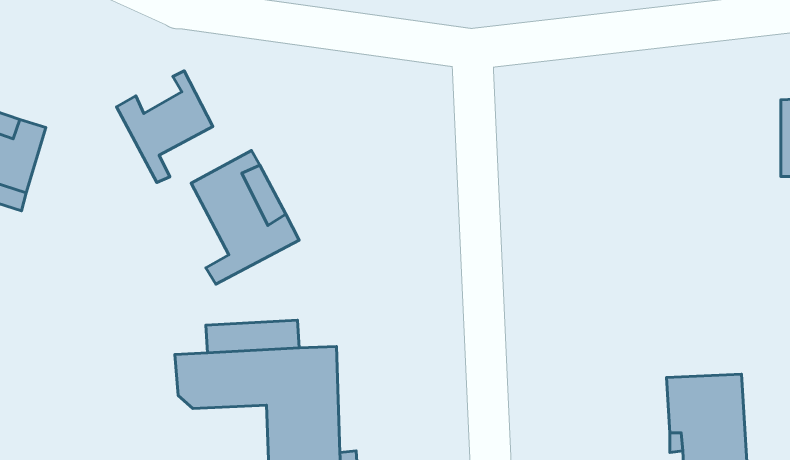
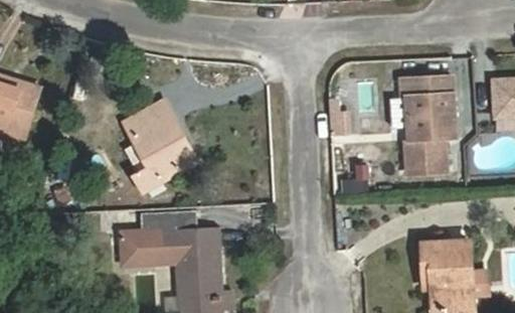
building: [117,71,213,183] -> none
building: none -> [400,75,455,173]

